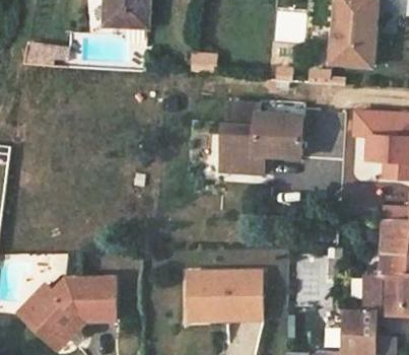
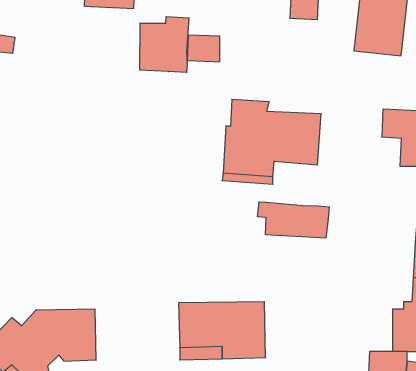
building: none -> [140,17,189,73]
building: none -> [257,202,329,238]

